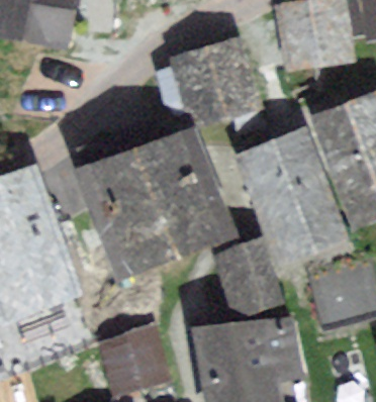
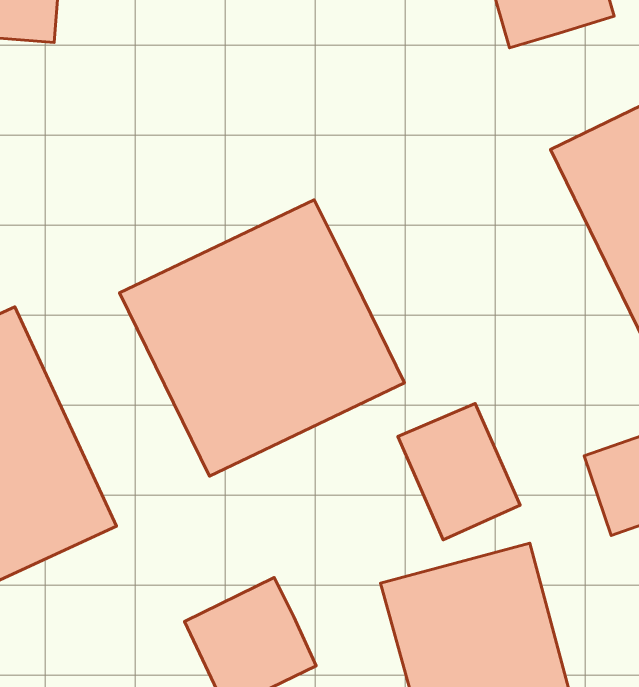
building: [177,38,256,118] -> none
building: [239,136,340,263] -> none

